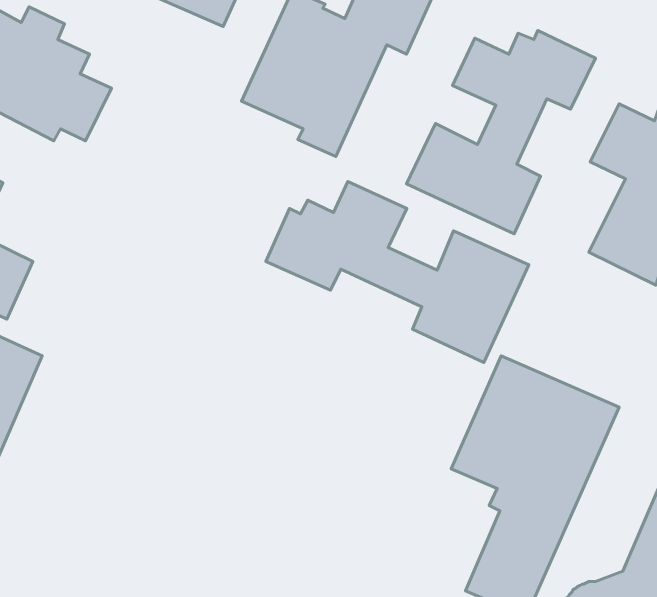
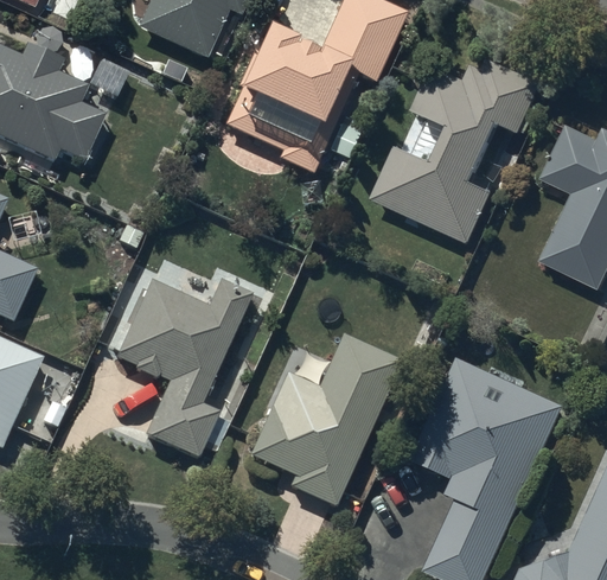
building: [266,182,529,362] -> none
building: none -> [115,276,251,454]
building: none -> [251,334,401,505]

